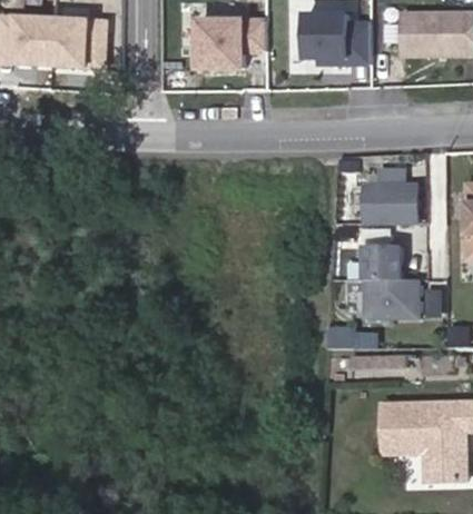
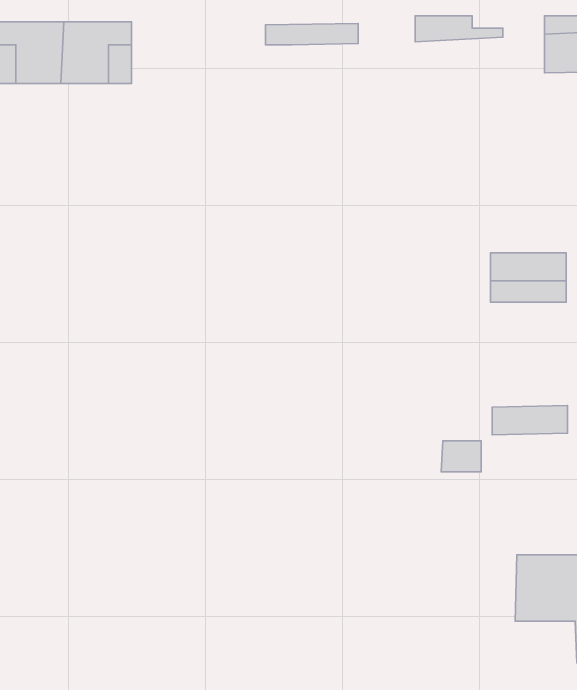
building: [306,29,369,63] -> none
building: [198,33,265,67] -> none
building: [361,250,416,296] -> none

